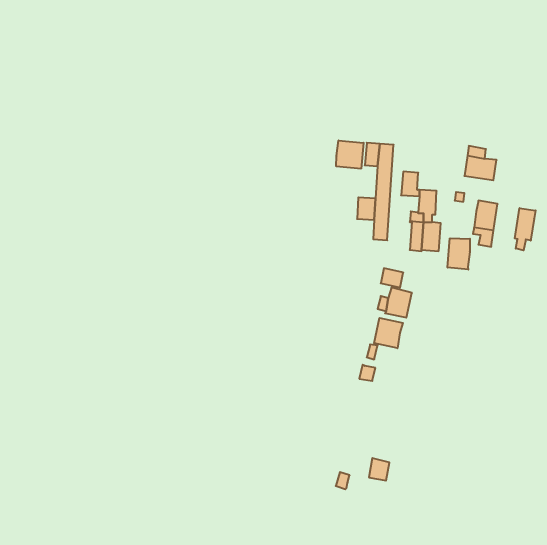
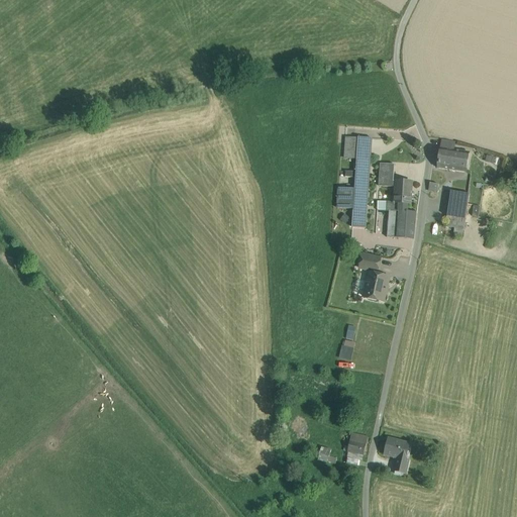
building: [336,140,364,169] -> none
building: [515,208,536,250] -> none
building: [448,238,470,270] -> none
building: [374,318,403,348] -> none
building: none -> [384,436,409,473]

